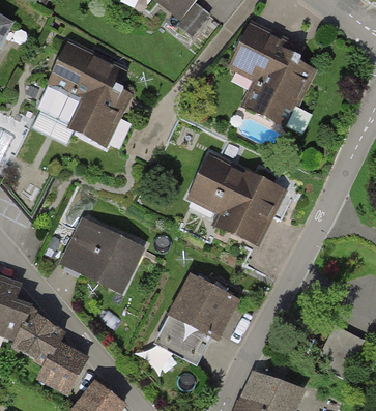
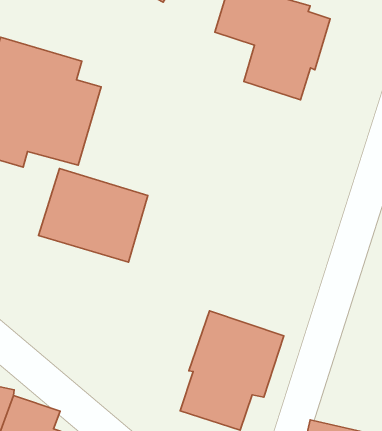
building: [185,150,288,248] -> none
building: [58,217,145,296] -> [39,169,148,262]

